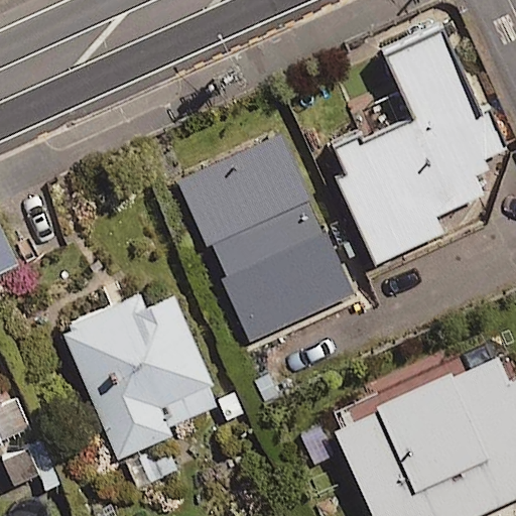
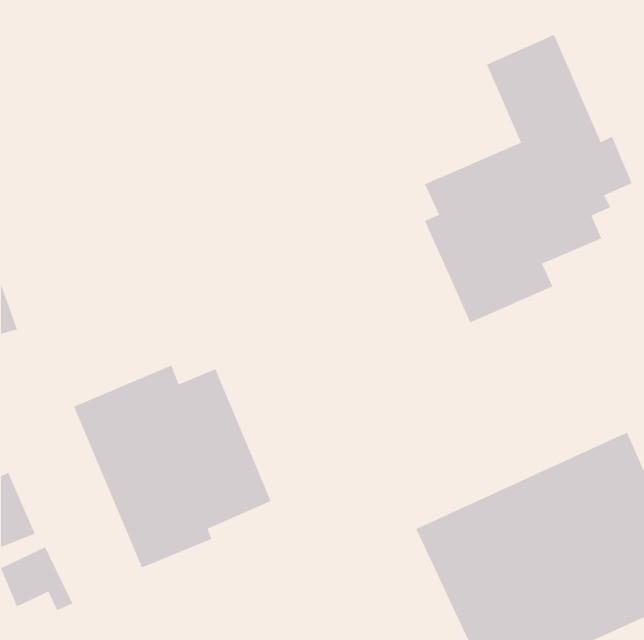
building: [174,134,352,342] -> none

